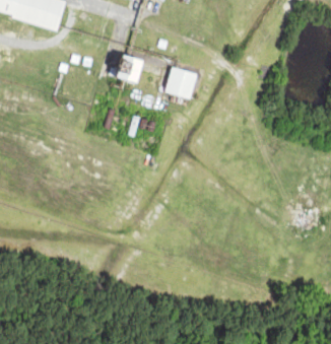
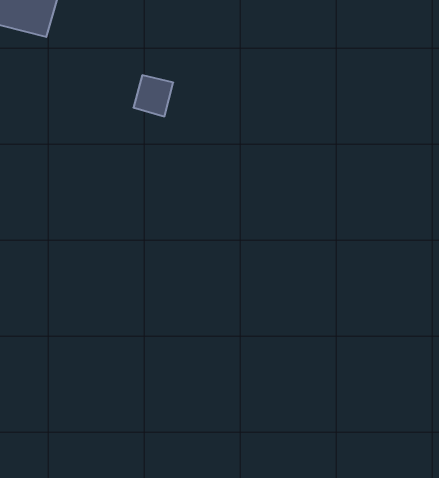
building: [164,67,197,98] -> none

